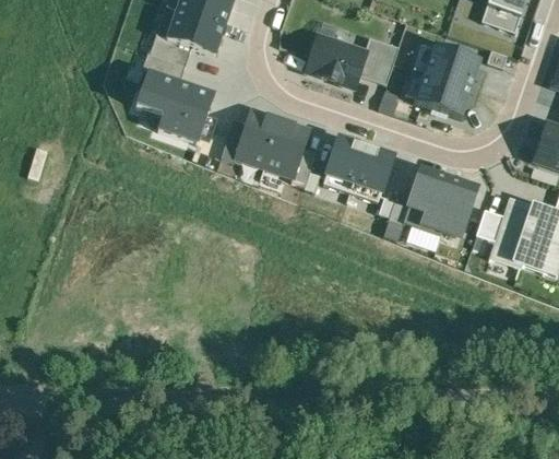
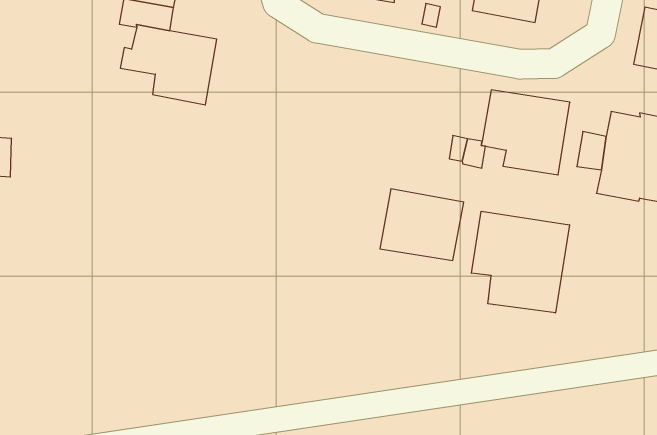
building: [237,109,309,175] -> none
building: [323,139,393,201] -> [380,189,464,260]
building: none -> [472,211,569,313]

